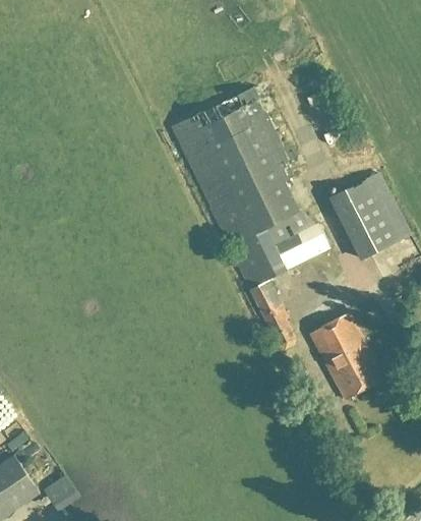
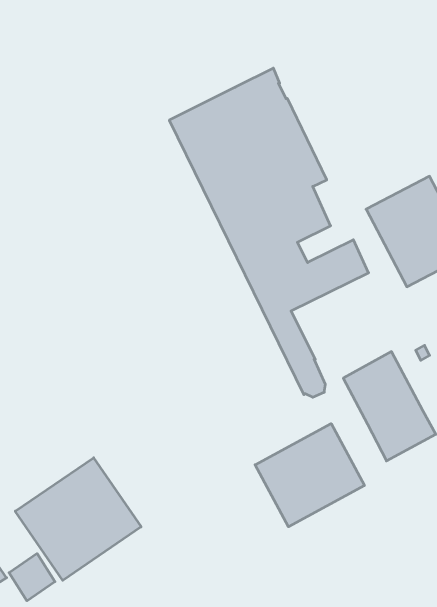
building: none -> [255,424,364,527]
building: none -> [15,458,141,580]

